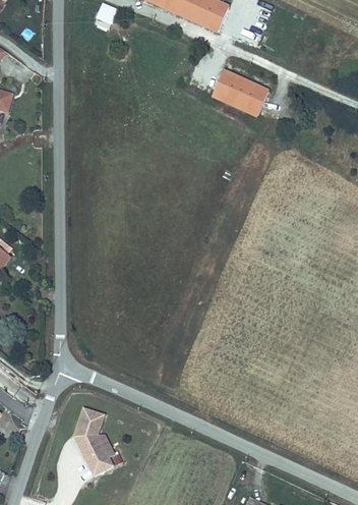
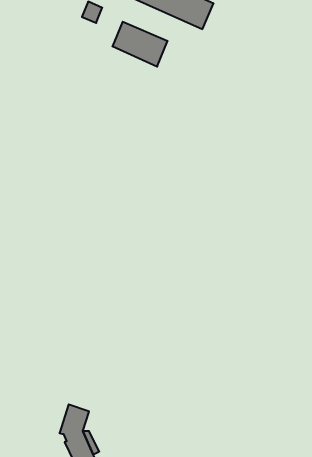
building: [213,71,267,116] -> [112,22,168,67]

